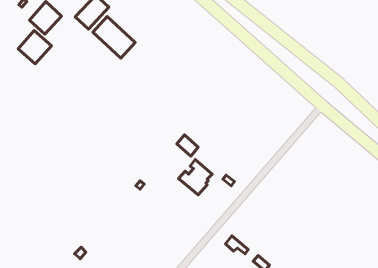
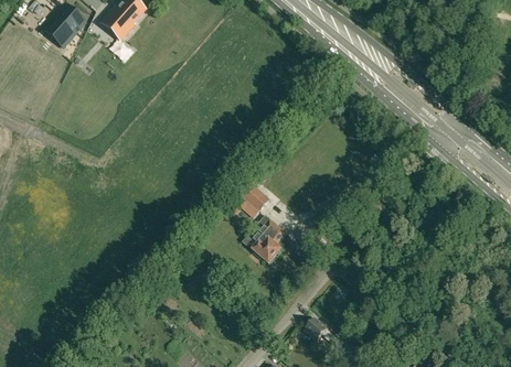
building: [93,17,135,58] -> none
building: [18,31,52,64] -> none

